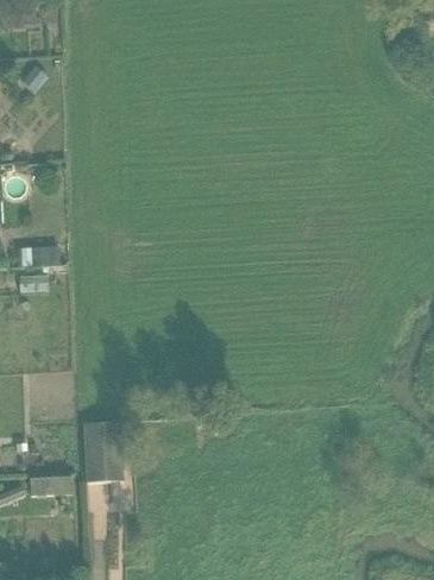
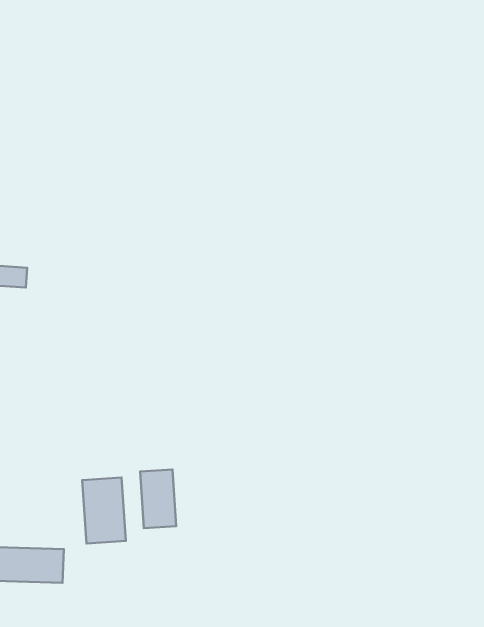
building: none -> [140,470,176,528]

